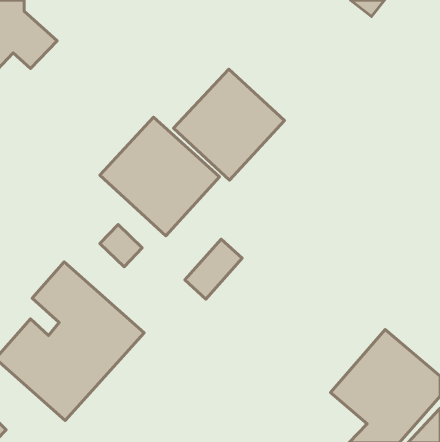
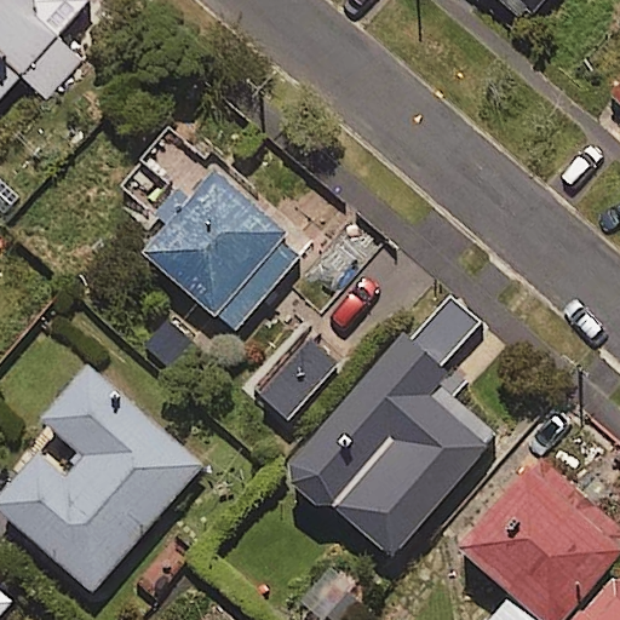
building: [174,69,285,180] -> none
building: none -> [286,297,496,559]

